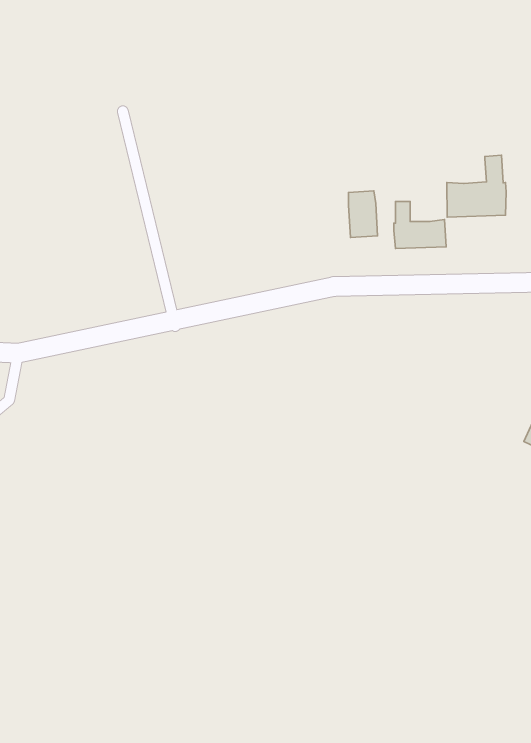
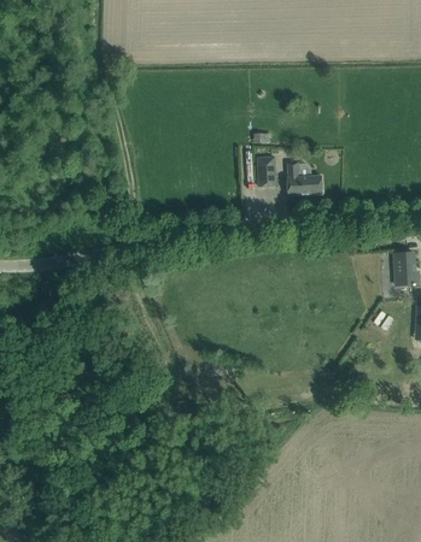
building: [447,155,506,217] -> none

